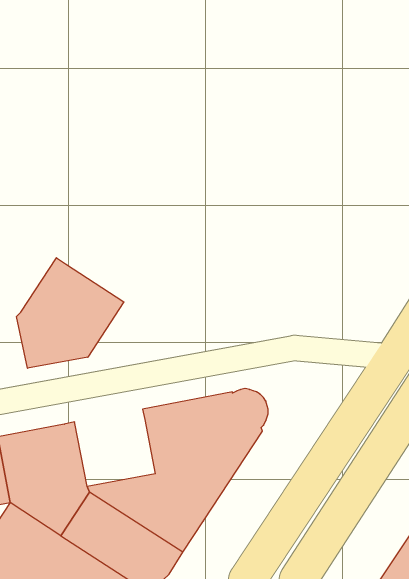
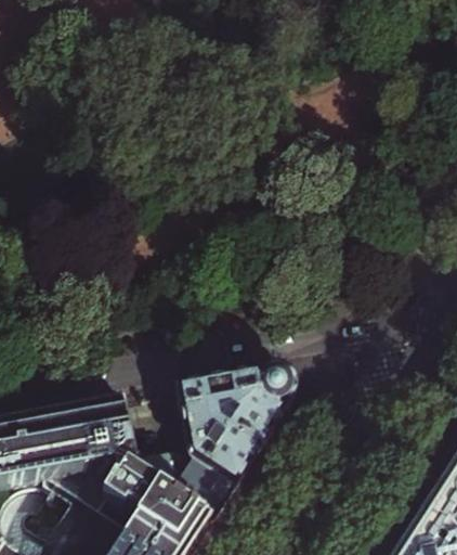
building: [16,258,124,368] -> none

